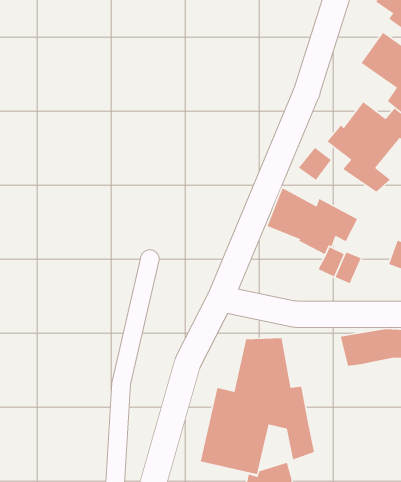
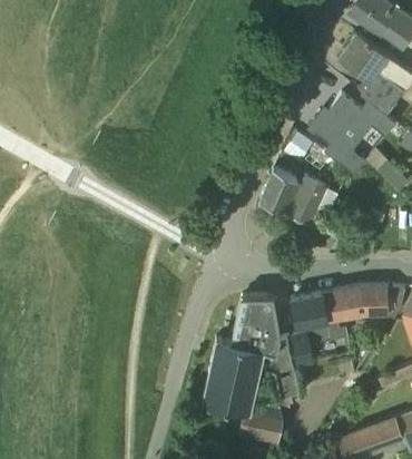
building: none -> [288,294,347,365]

